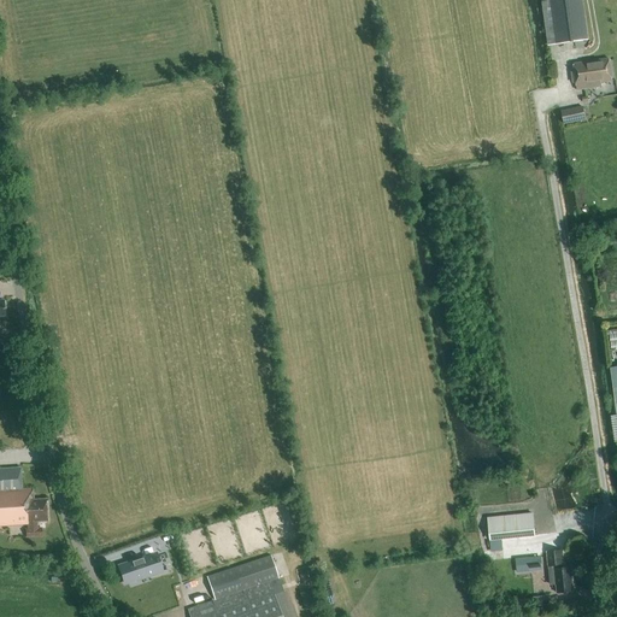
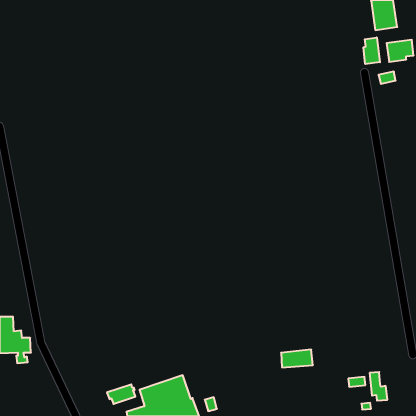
building: none -> [363,37,380,64]
building: [487,513,534,540] -> [281,350,313,367]
building: [117,554,159,583] -> [107,384,135,404]

